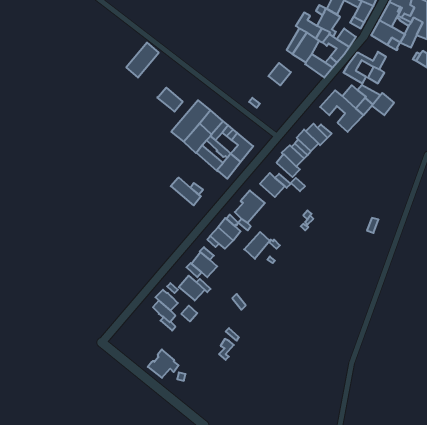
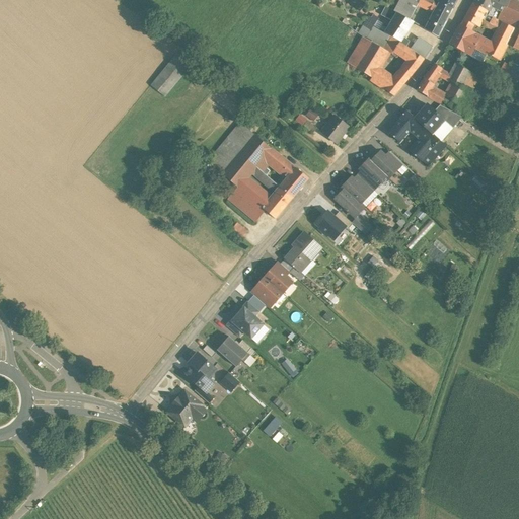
building: [268,63,291,85] -> [320,114,348,141]
building: [157,88,183,112] -> none
building: [372,93,394,115] -> none
building: [171,178,201,205] -> [228,186,265,219]
building: [244,232,270,259] -> none
building: [148,349,179,378] -> [167,389,205,424]

